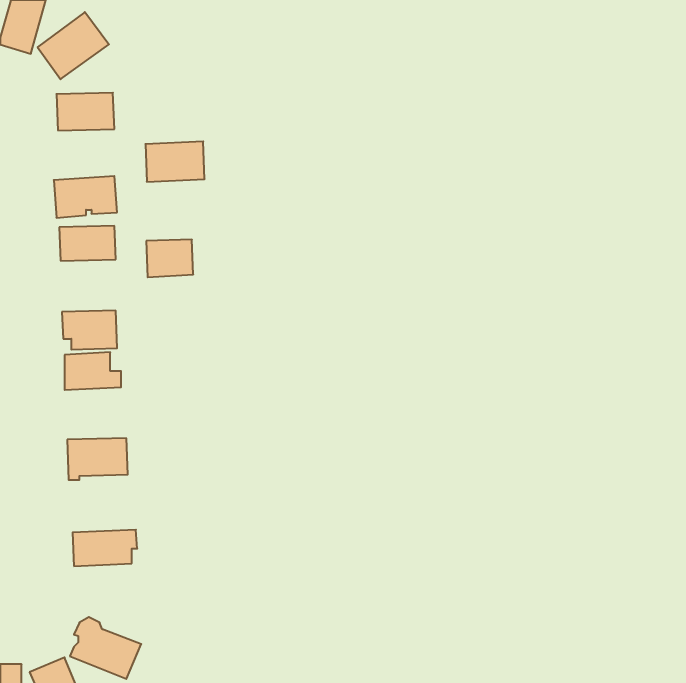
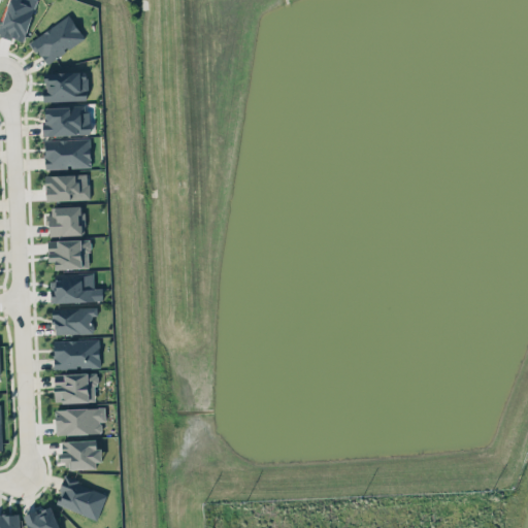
building: [145,141,205,182] -> [44,107,90,138]
building: [146,240,193,277] -> [47,204,84,233]
building: none -> [53,309,98,337]
building: none -> [55,374,97,404]
building: none -> [61,441,101,470]

